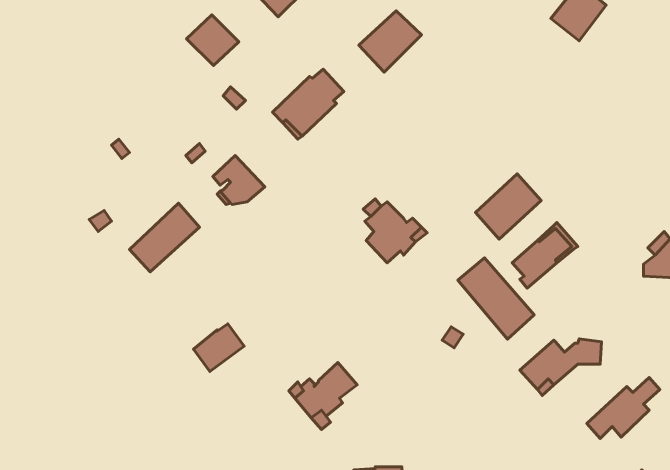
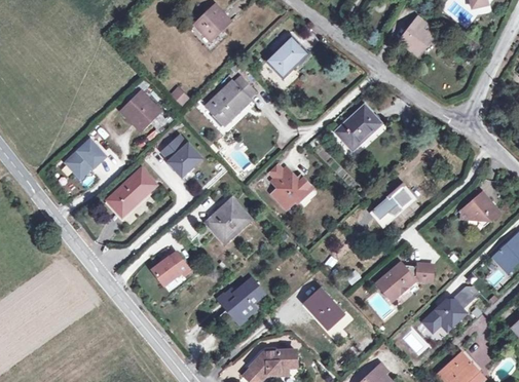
building: [187,15,239,66] -> [123,93,159,128]
building: none -> [66,140,105,178]
building: [475,174,541,239] -> [336,105,381,150]
building: none -> [209,200,249,240]
building: [458,258,534,339] -> none
building: none -> [304,289,343,328]

